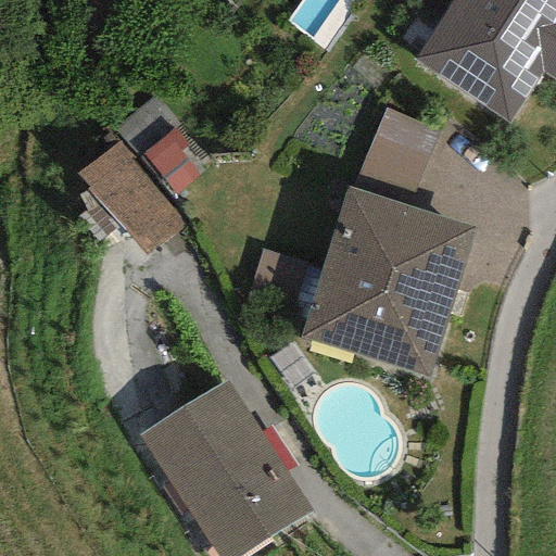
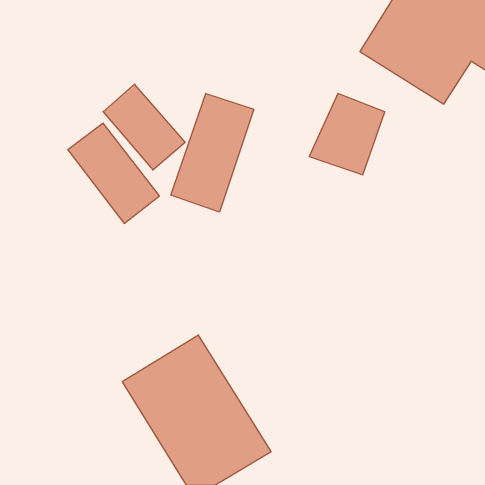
building: none -> [171,93,254,212]
building: [302,182,478,376] -> none

